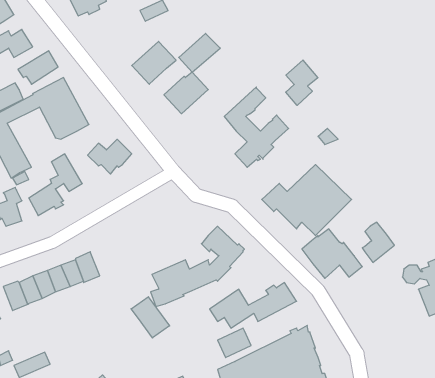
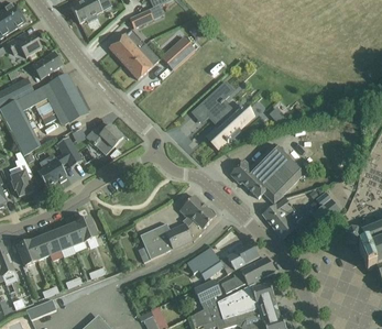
building: [286,60,318,105] -> none
building: [164,72,208,114] -> [108,29,144,63]
building: [131,297,170,338] -> none
building: none -> [221,257,274,292]

